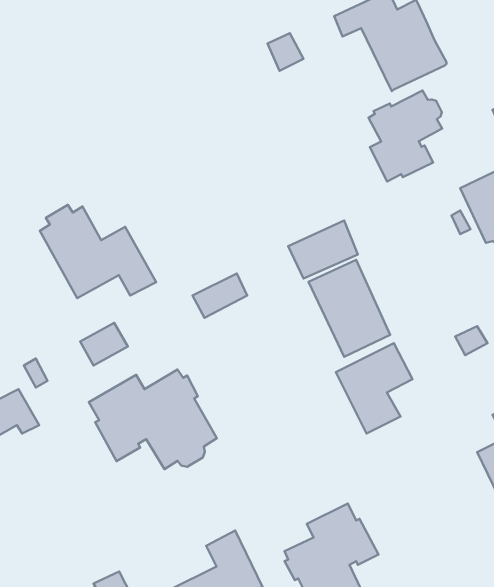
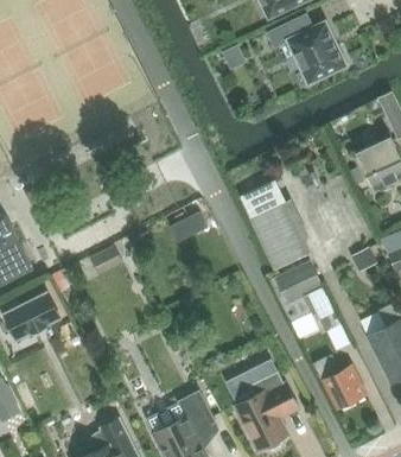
building: [368,91,442,181] -> none
building: [40,205,156,298] -> none
building: [89,370,217,469] -> none
building: none -> [316,355,367,408]

